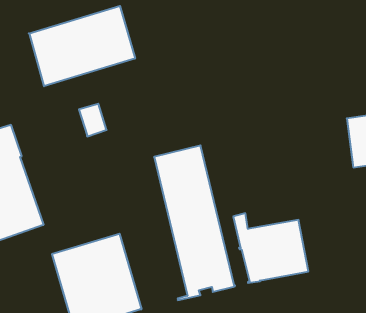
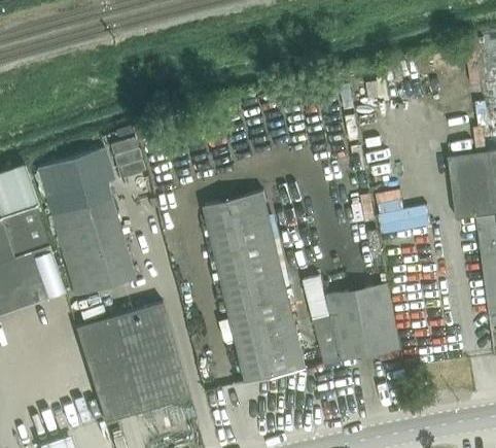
building: [29,6,135,86] -> none
building: none -> [38,149,134,298]

